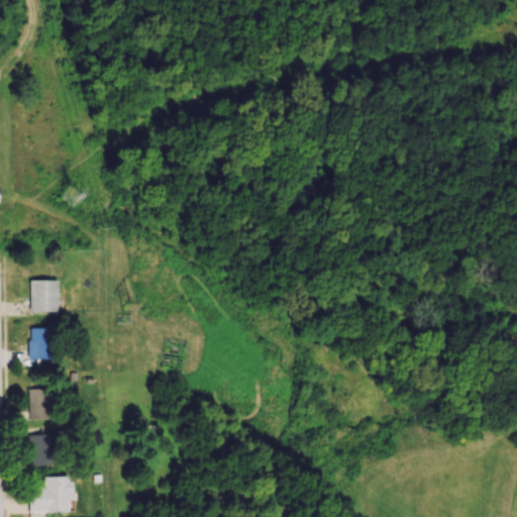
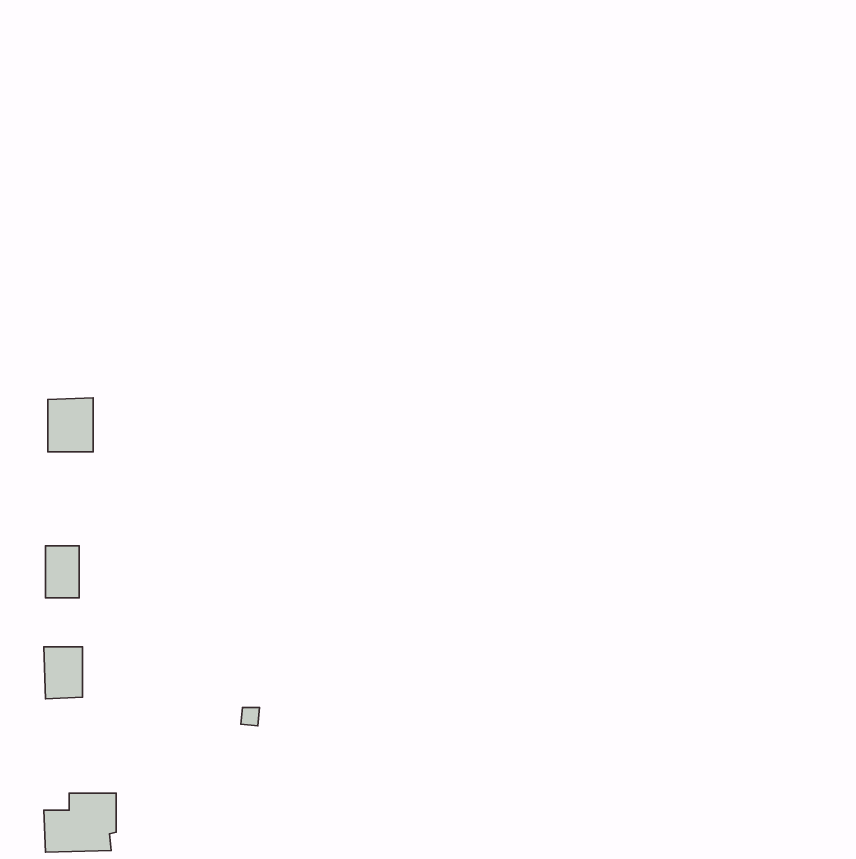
building: [31,280,59,312] -> [48,398,93,452]
building: [30,434,54,468] -> none

